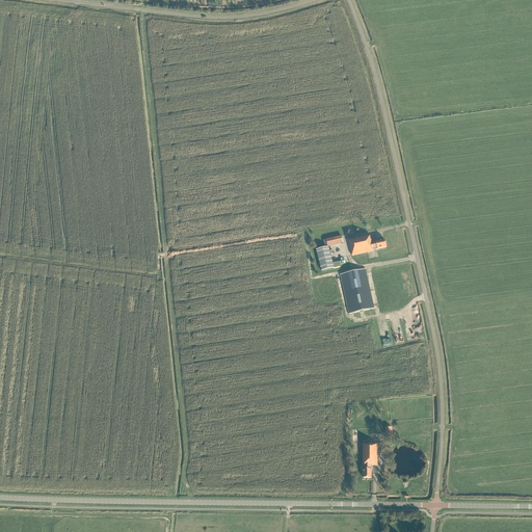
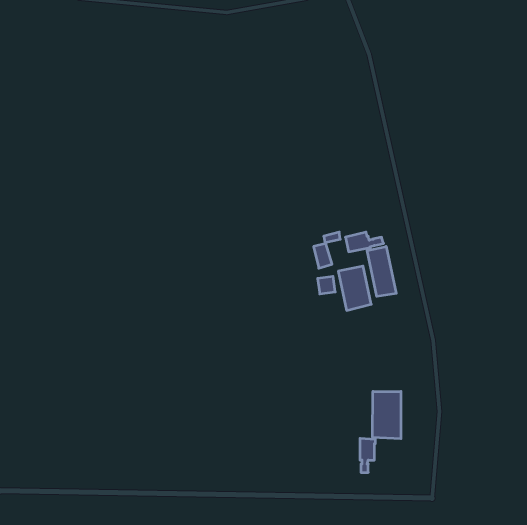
building: none -> [367,246,396,296]
building: none -> [373,391,401,439]

